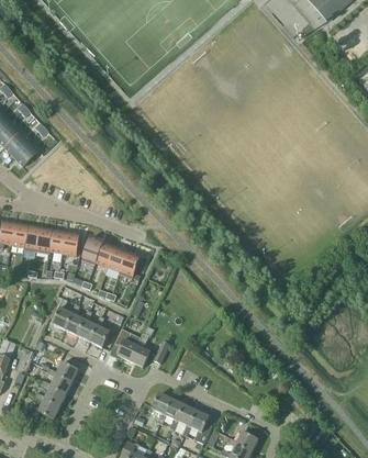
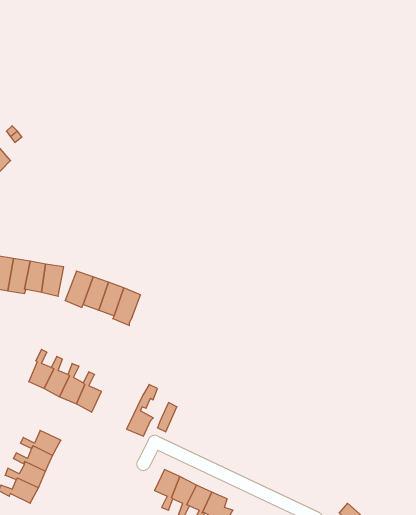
building: [114,328,141,360] -> none

